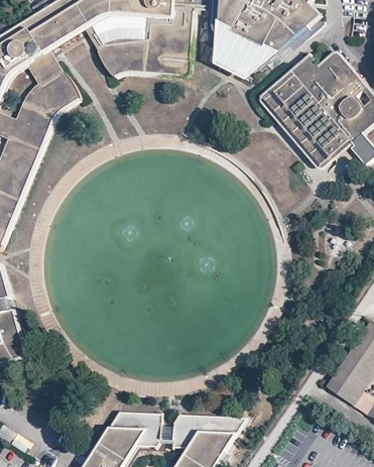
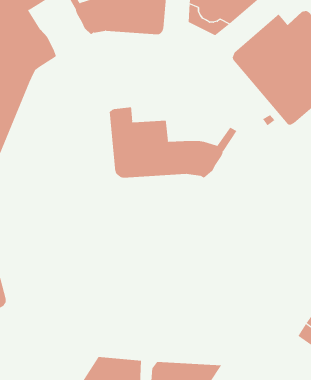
building: none -> [109,107,237,178]

